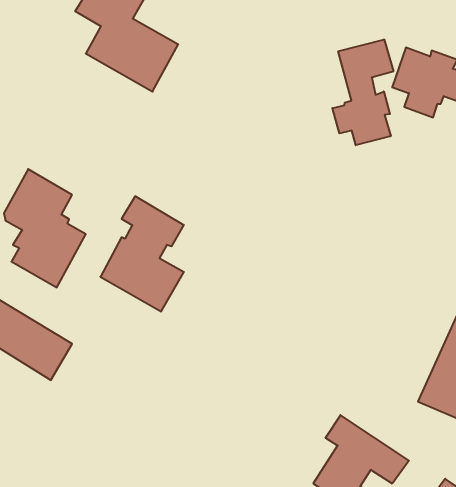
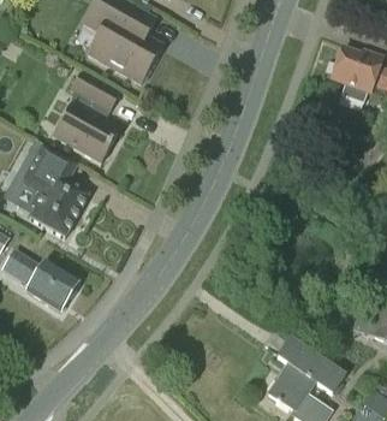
building: [332,39,393,145] -> none
building: [100,196,184,312] -> [53,70,119,161]

